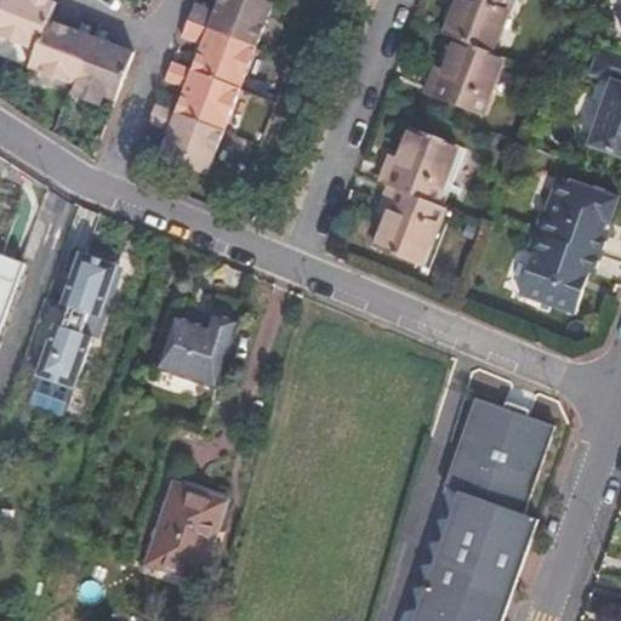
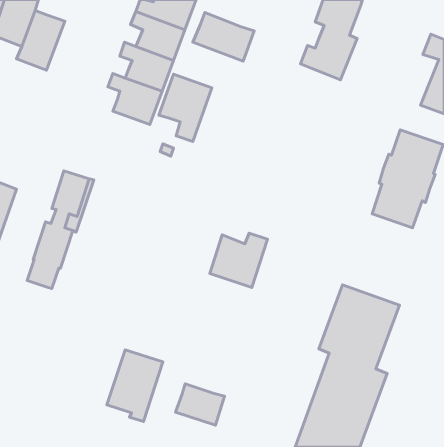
building: none -> [193,13,254,61]
building: [64,29,133,113] -> none
building: none -> [159,74,212,141]
building: [365,125,449,263] -> none
building: [158,315,238,391] -> [210,233,268,288]
building: none -> [176,384,225,425]

